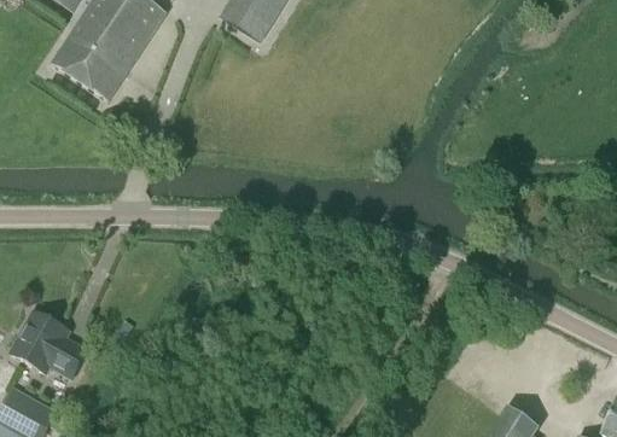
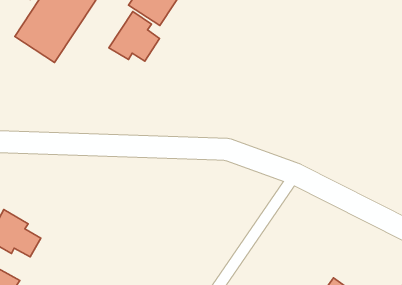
building: none -> [109,12,159,61]

